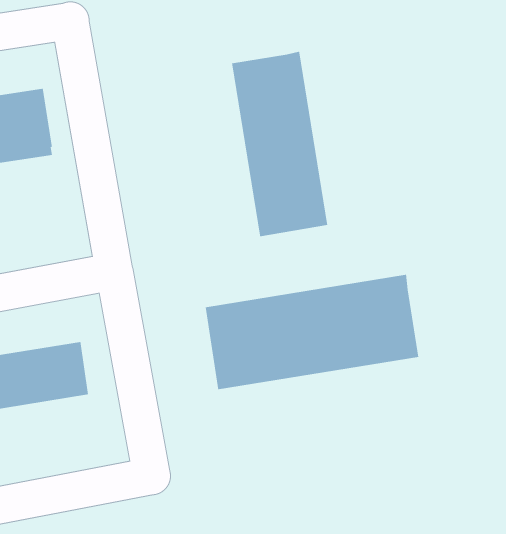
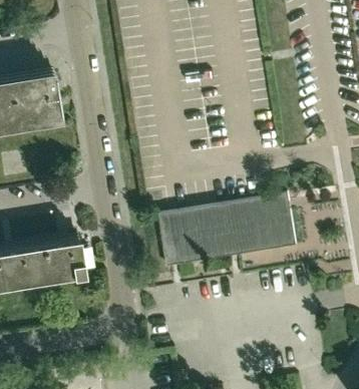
building: [231,51,328,237] -> none

